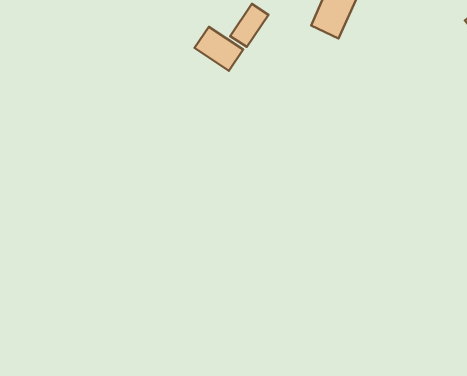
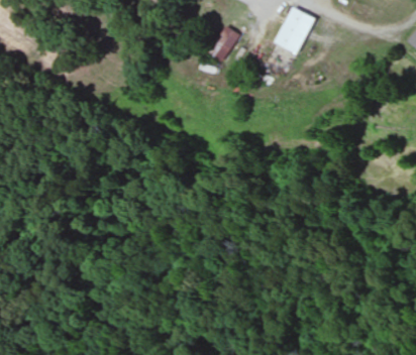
building: [194,27,243,71] -> none

